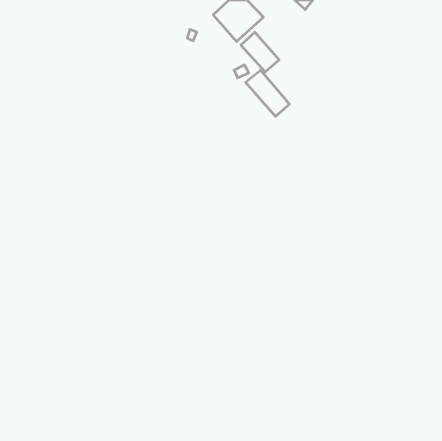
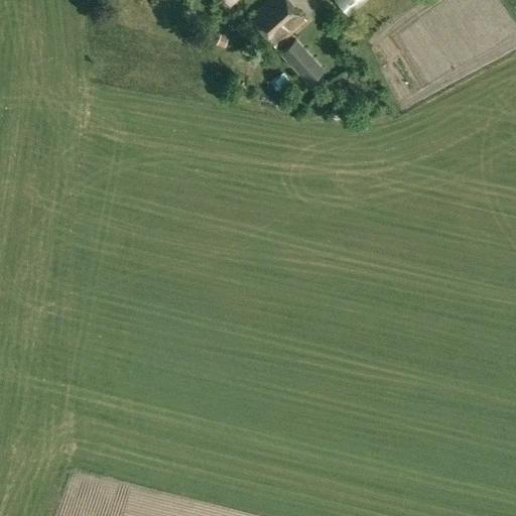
building: [246,70,289,116] -> none

